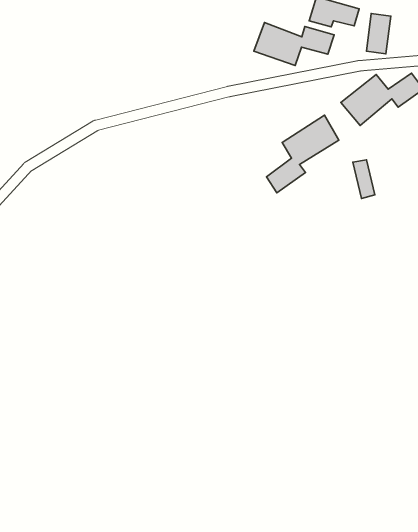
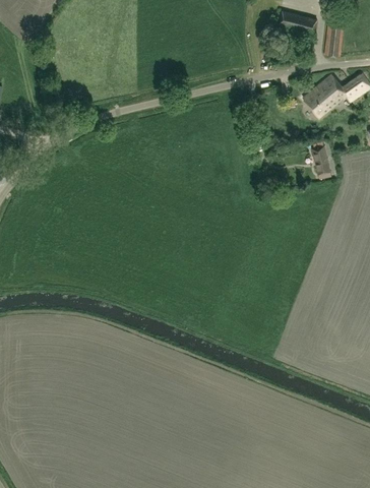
building: [254,22,334,65] -> none
building: [266,115,339,193] -> none

